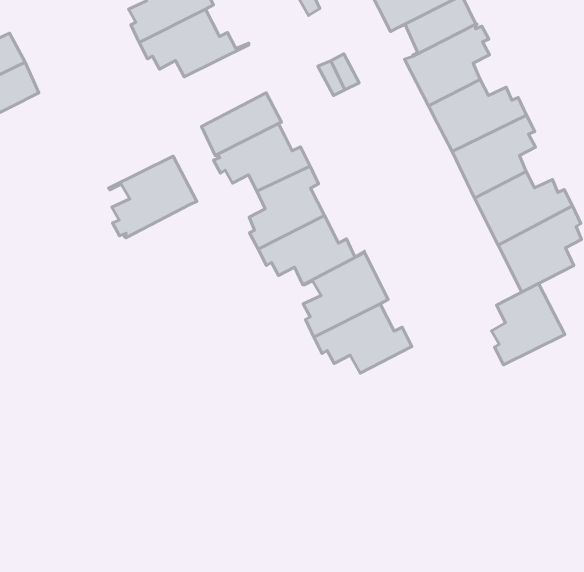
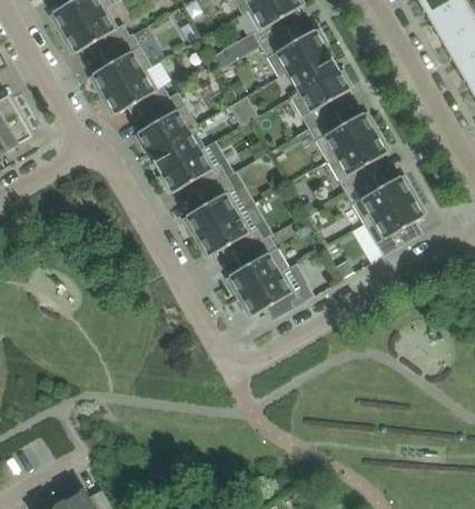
building: [108,156,197,238] -> [135,91,198,151]
building: [491,284,565,365] -> none

